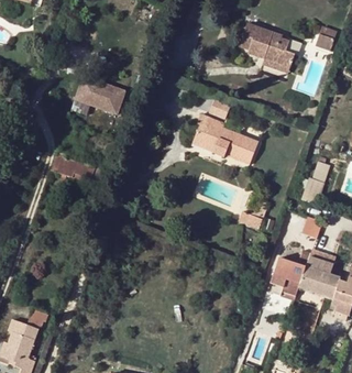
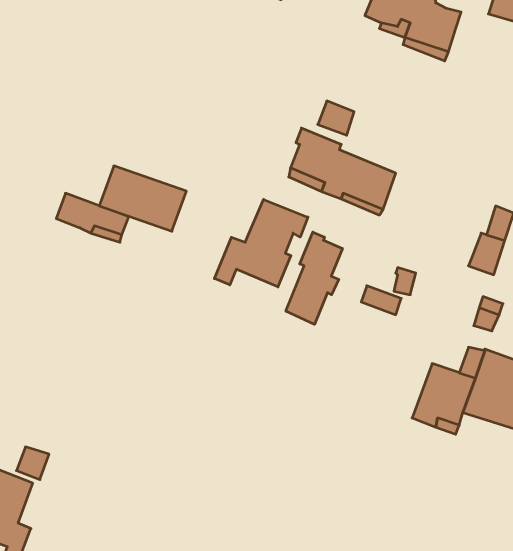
building: [75,75,128,114] -> [99,166,186,231]
building: none -> [214,199,308,287]
building: none -> [286,232,342,324]

